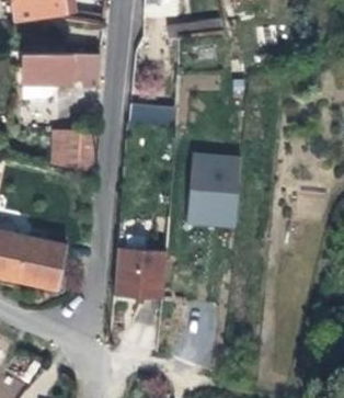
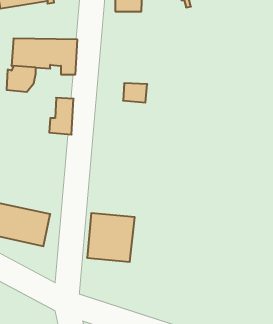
building: [185,149,239,221] -> none

